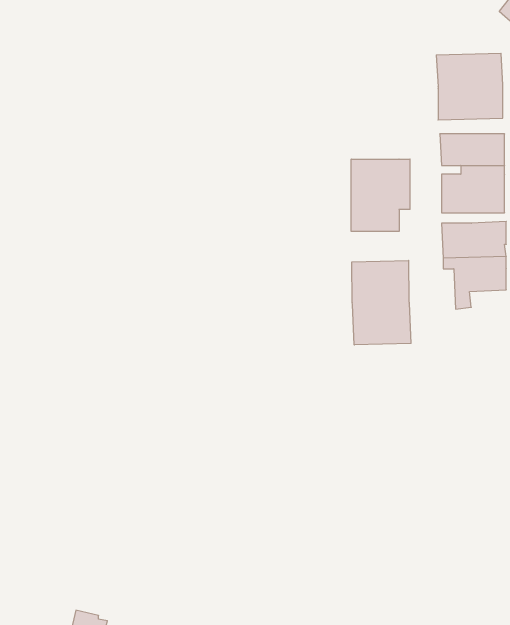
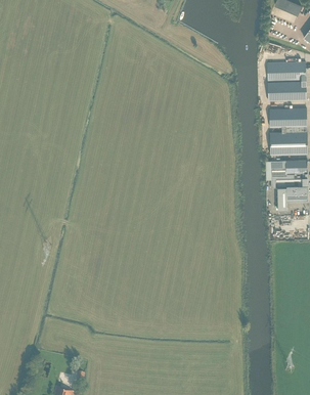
building: [351,159,410,231] -> none
building: [352,260,411,345] -> none

